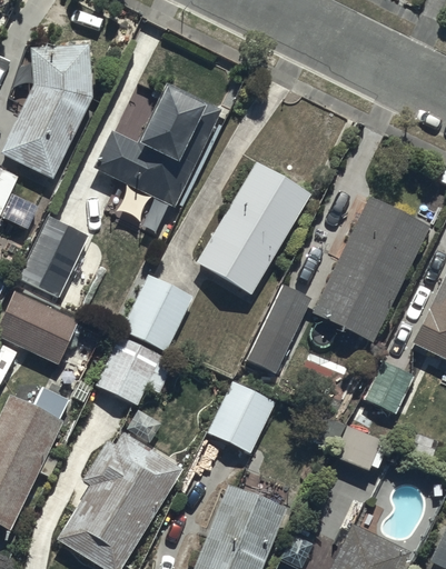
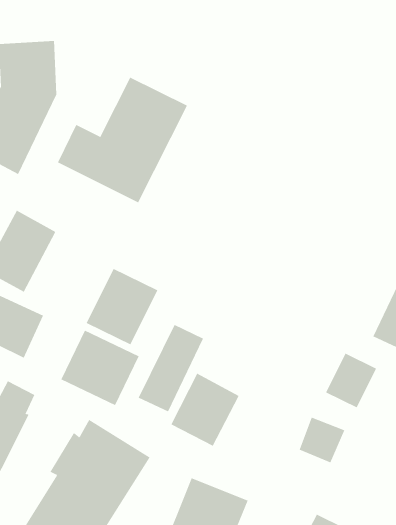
building: [195,162,310,299] -> none
building: [310,192,429,343] -> none
building: [245,284,311,373] -> [138,324,204,412]

